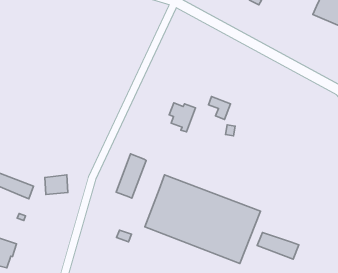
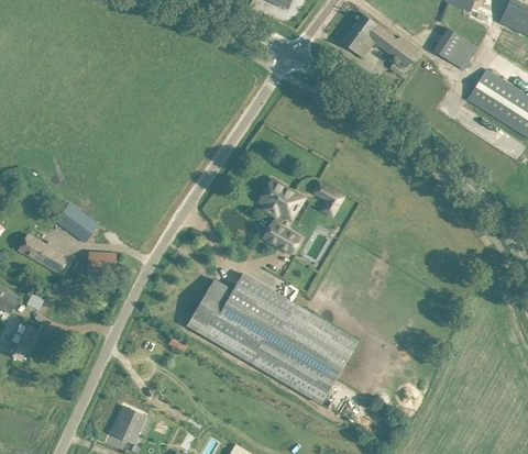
building: none -> [263,222,299,254]
building: none -> [51,200,97,242]
building: [116,154,146,198] -> [187,279,232,336]
building: [257,232,299,259] -> none

